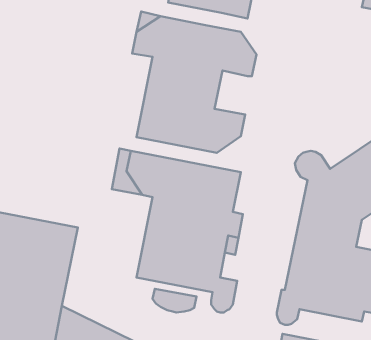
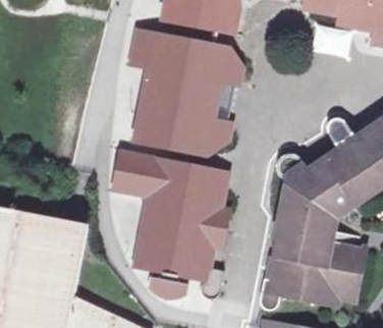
building: none -> [203,80,232,119]

